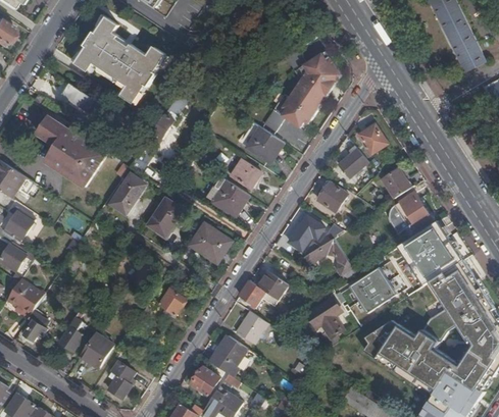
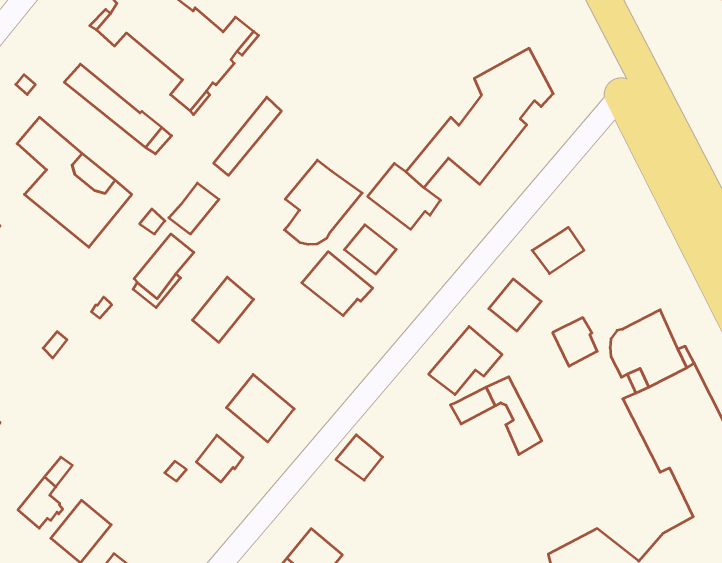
building: [359,122,387,152] -> none
building: none -> [284,160,362,244]
building: [382,169,408,198] -> [553,318,597,366]
building: [190,223,229,261] -> [226,374,294,442]
building: [347,266,396,313] -> none
building: [257,271,287,299] -> none
building: [305,299,346,338] -> none
building: [235,311,266,344] -> none

